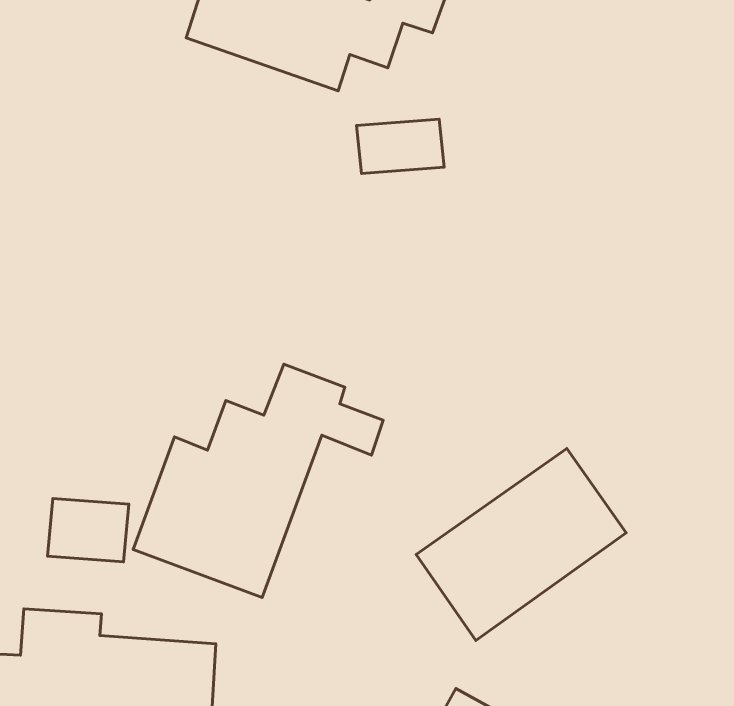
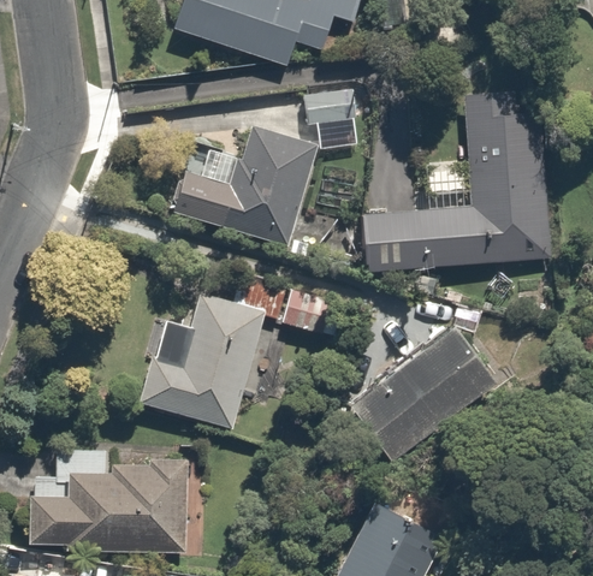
building: none -> [361,93,551,268]
building: none -> [171,124,319,242]
building: [48,499,129,562] -> none

